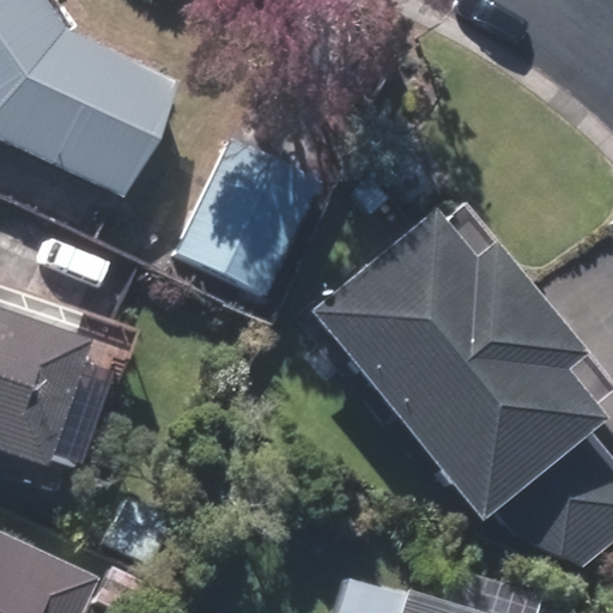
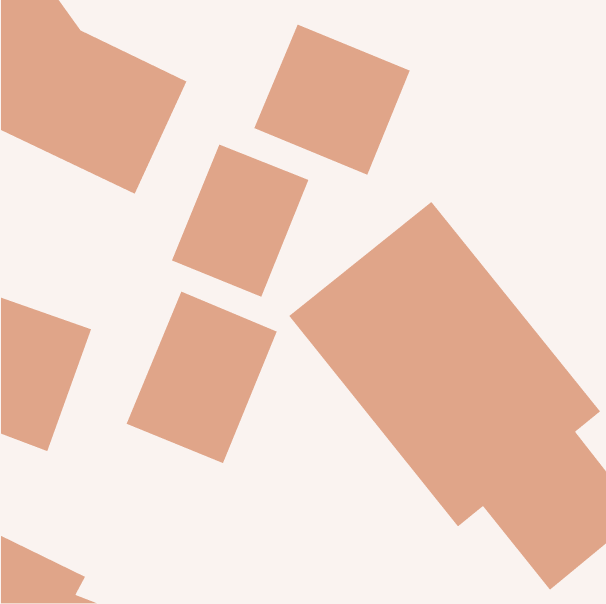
building: none -> [253,24,411,176]
building: none -> [126,290,278,464]

